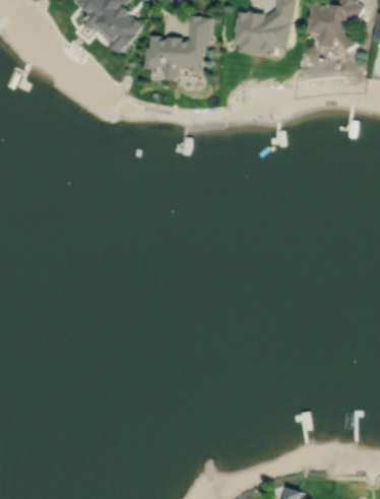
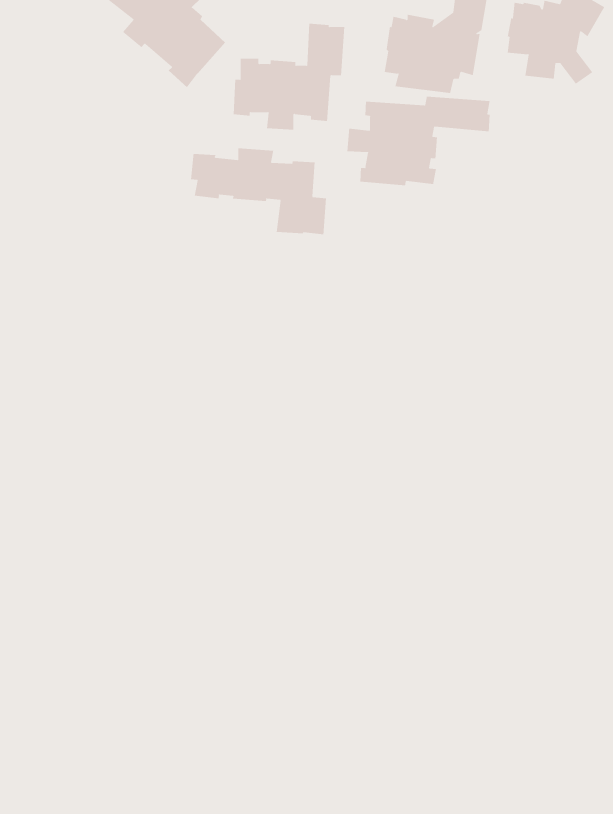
building: none -> [347,96,490,186]
building: none -> [190,148,326,235]

